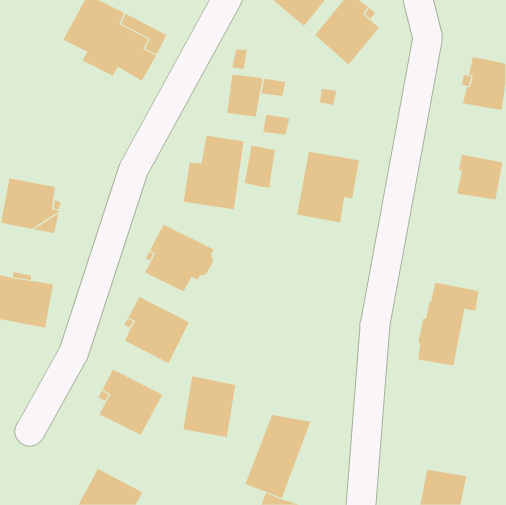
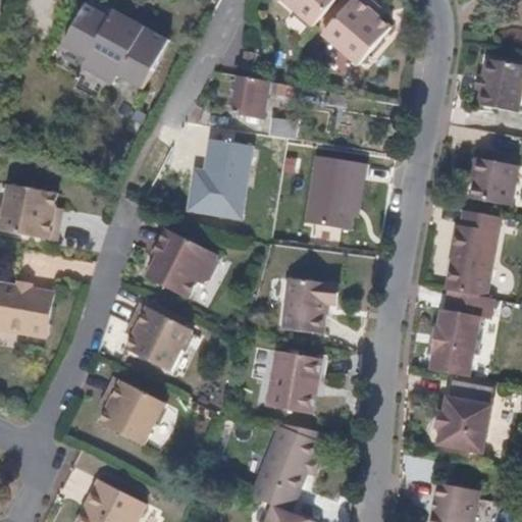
building: [244,145,276,188] -> none
building: none -> [446,210,500,297]
building: none -> [281,281,331,336]
building: none -> [434,379,489,453]
building: [183,376,236,437] -> [266,354,321,417]

